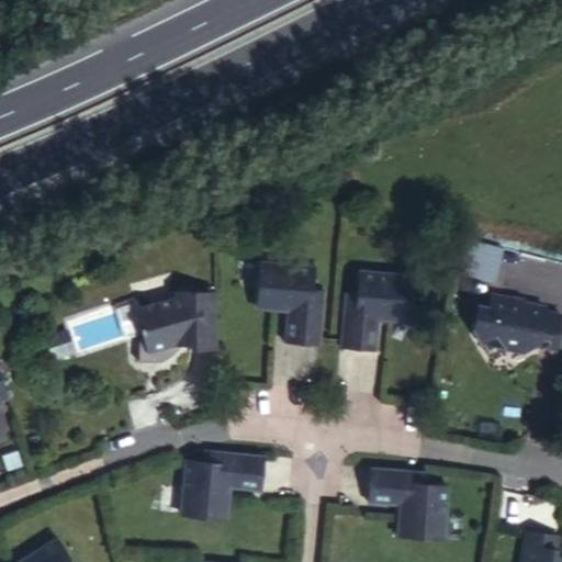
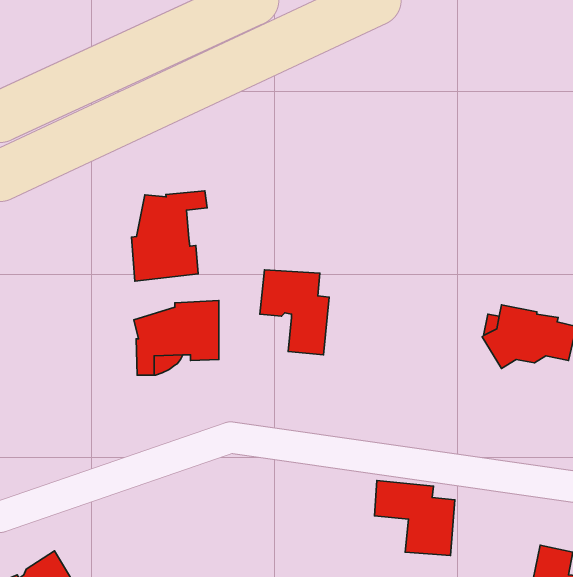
building: none -> [132,191,207,281]
building: [340,270,413,350] -> none
building: [181,453,262,519] -> none

